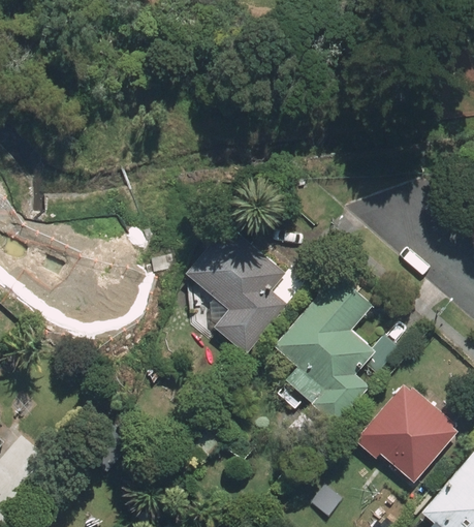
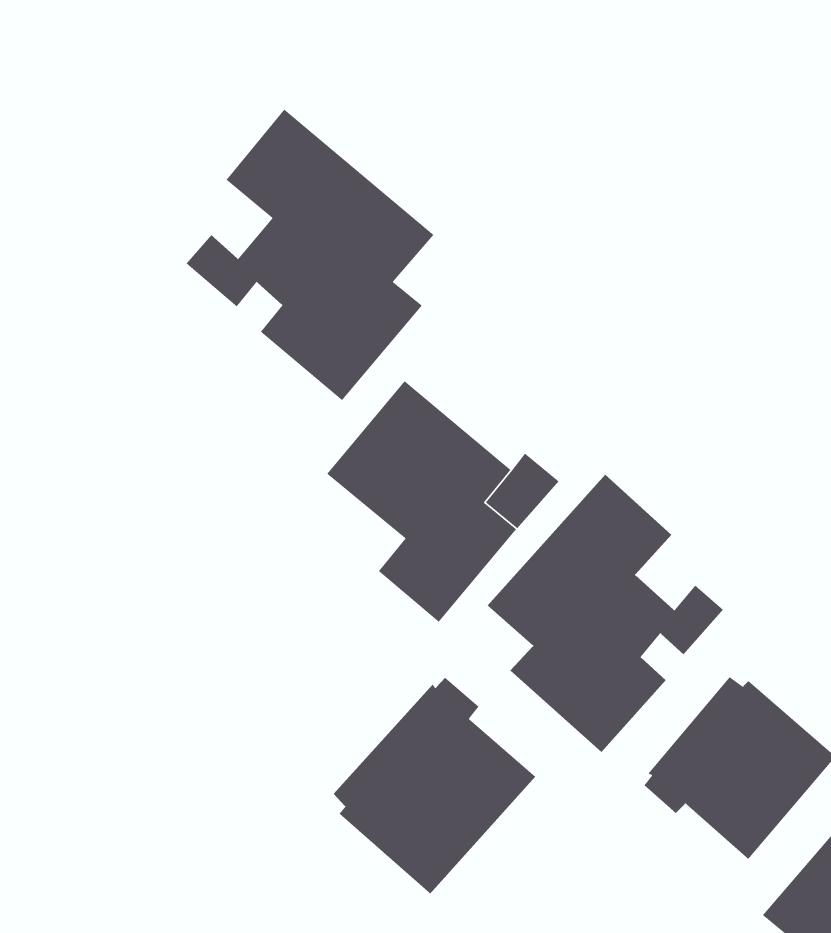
building: none -> [186,109,434,401]
building: none -> [333,677,536,894]

